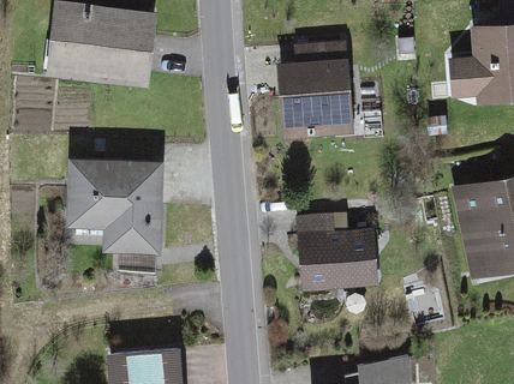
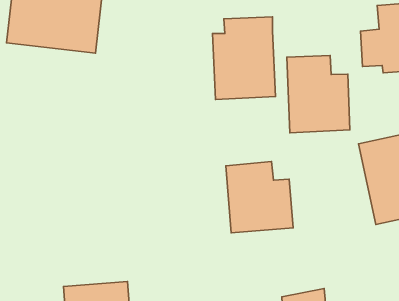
building: none -> [287,55,350,133]
building: [66,156,160,252] -> none

